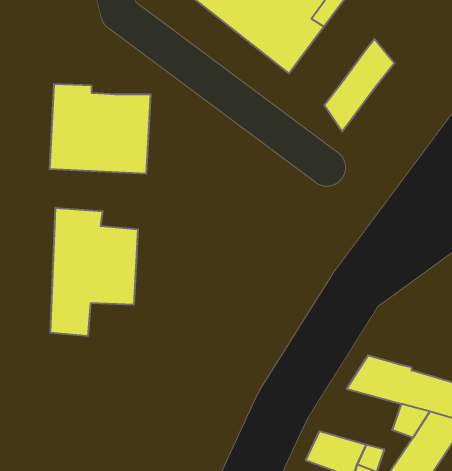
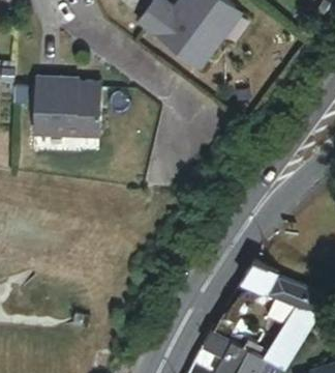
building: [324,39,395,132] -> none
building: [51,208,138,336] -> none

